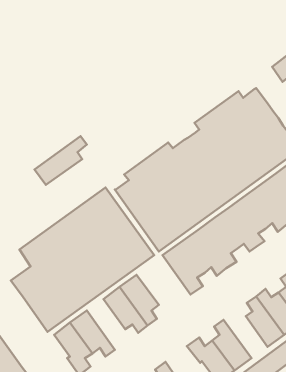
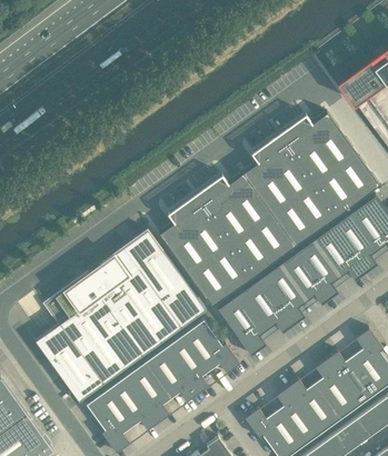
building: [34,136,87,185] -> none
building: none -> [185,319,240,374]
building: none -> [126,363,171,423]
building: none -> [288,379,340,433]

